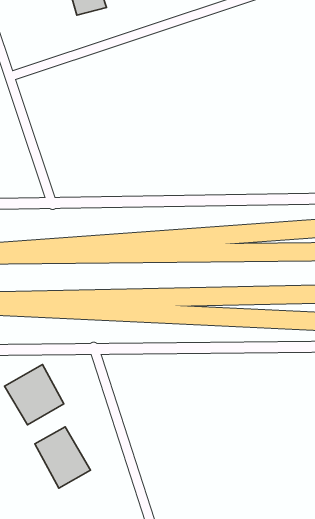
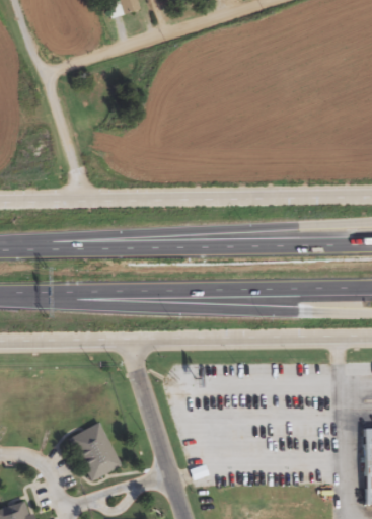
building: [4,364,64,425] -> none

